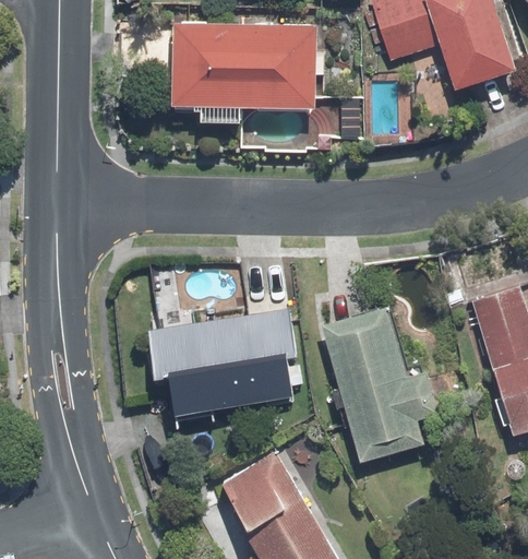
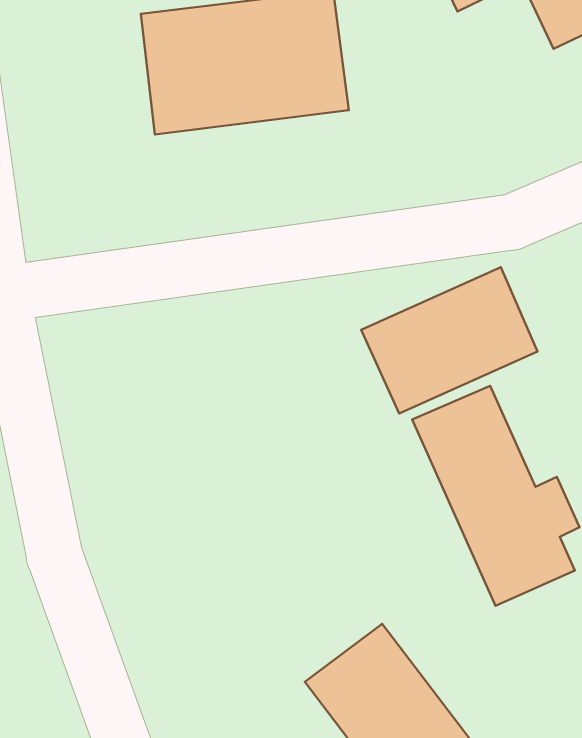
building: none -> [361,267,538,413]
building: [160,314,301,415] -> none

